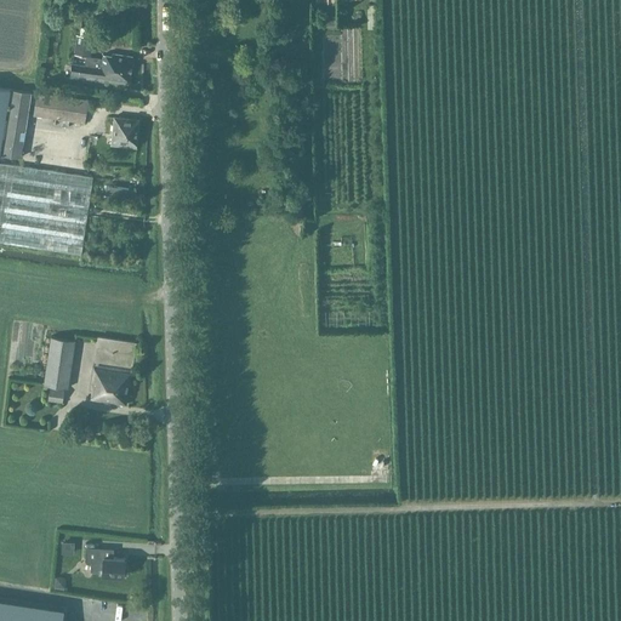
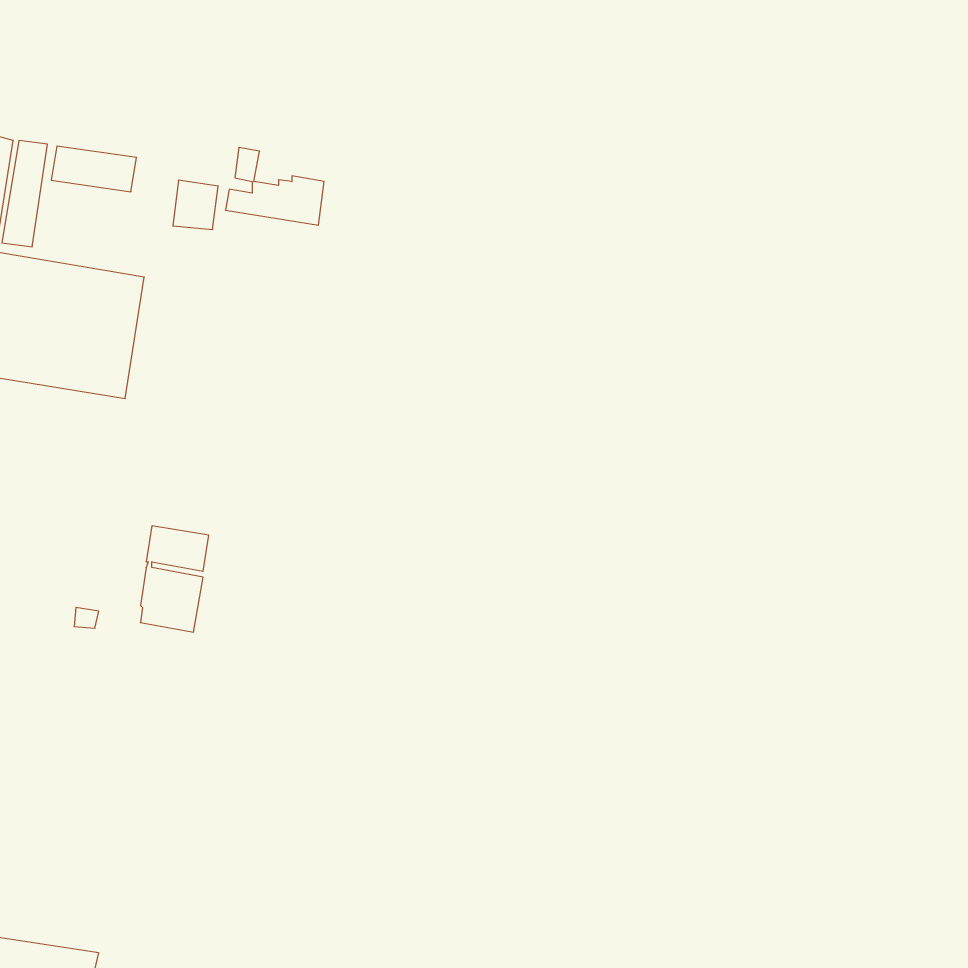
building: [68,35,131,85] -> [225,147,324,225]
building: [42,337,74,389] -> none
building: [85,548,125,577] -> none

